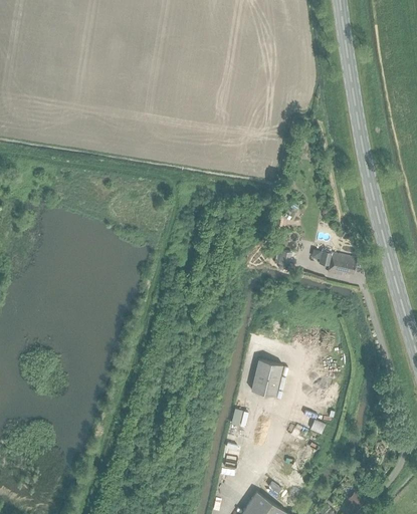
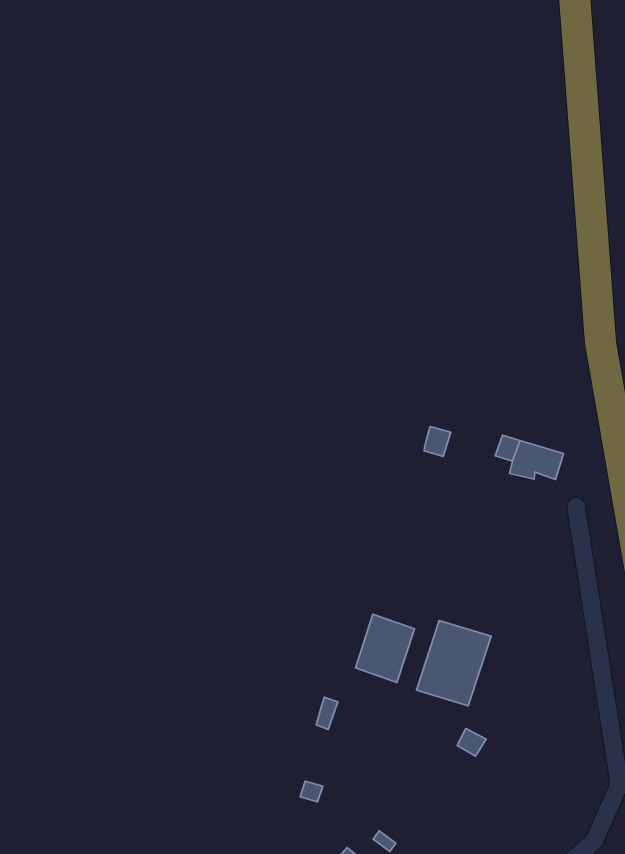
building: none -> [416,621,491,706]

